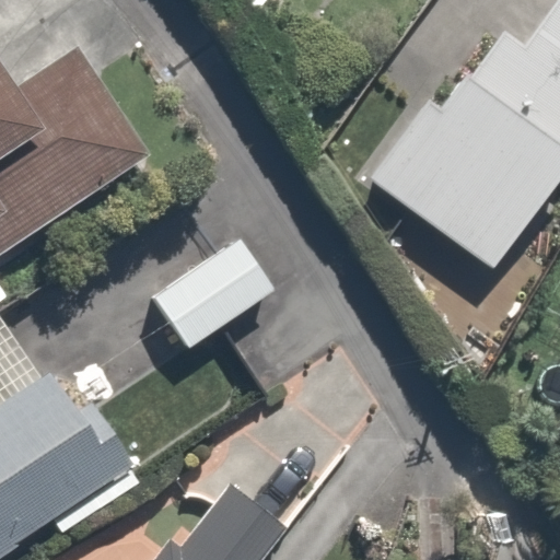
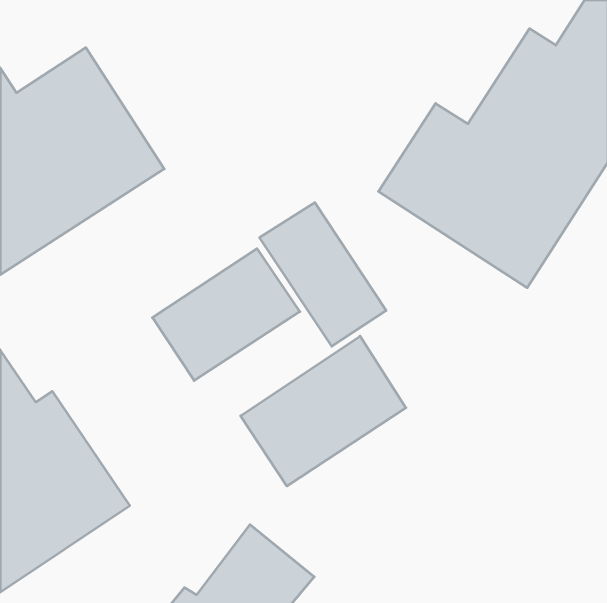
building: none -> [260,203,386,346]
building: none -> [241,336,406,486]

